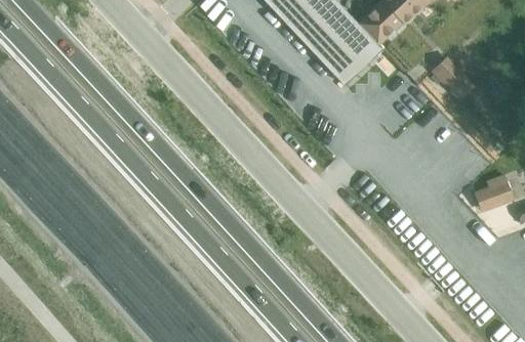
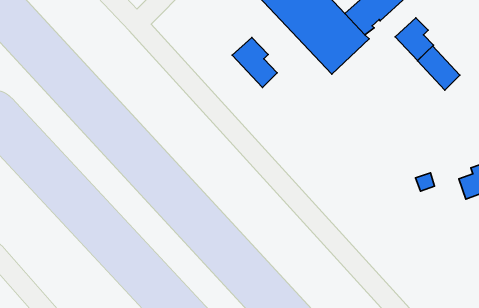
building: none -> [395,18,433,61]
building: none -> [232,37,277,88]

